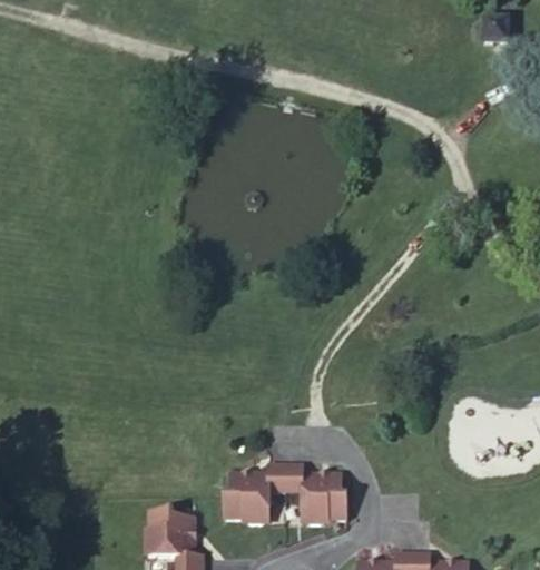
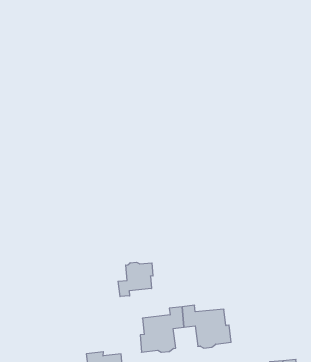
building: none -> [118,262,153,297]

